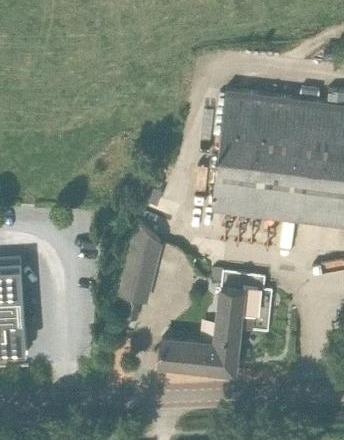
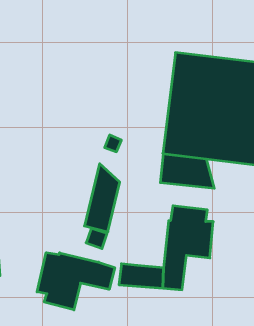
building: none -> [160,154,214,188]
building: none -> [37,253,115,310]

